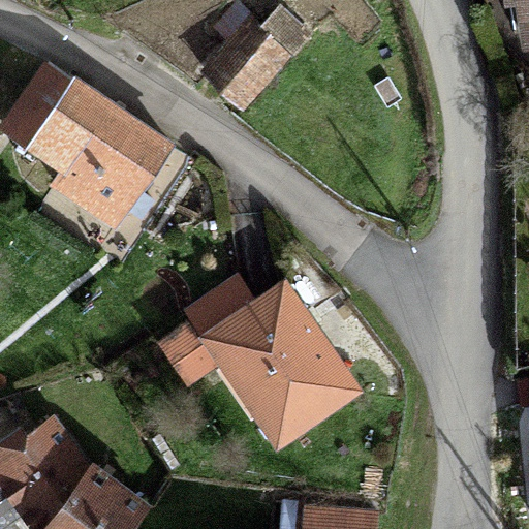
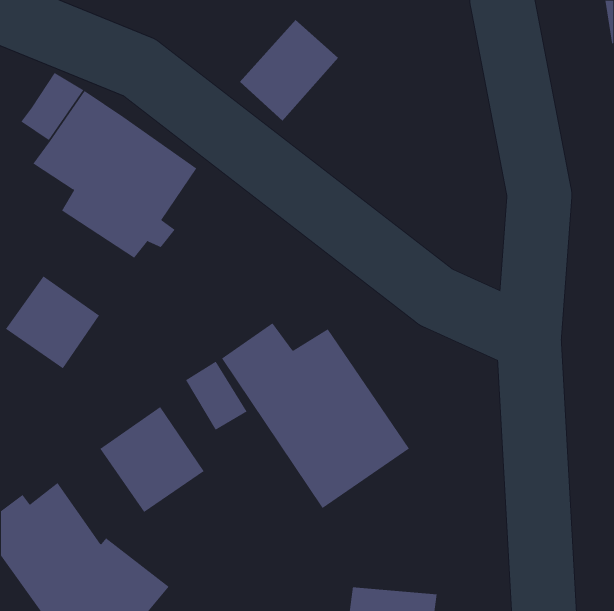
building: none -> [5,275,100,369]
building: none -> [100,406,205,513]

